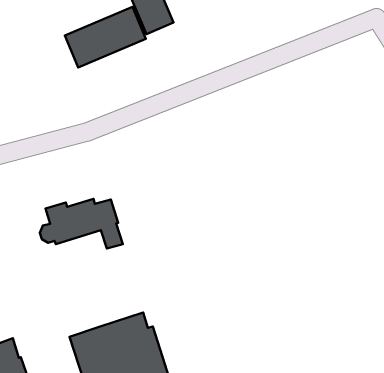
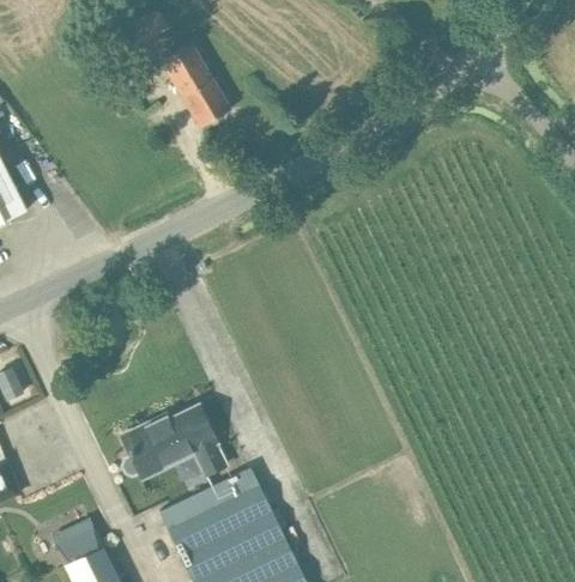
building: [65,7,146,68] -> none
building: [40,199,123,248] -> [121,412,225,477]

